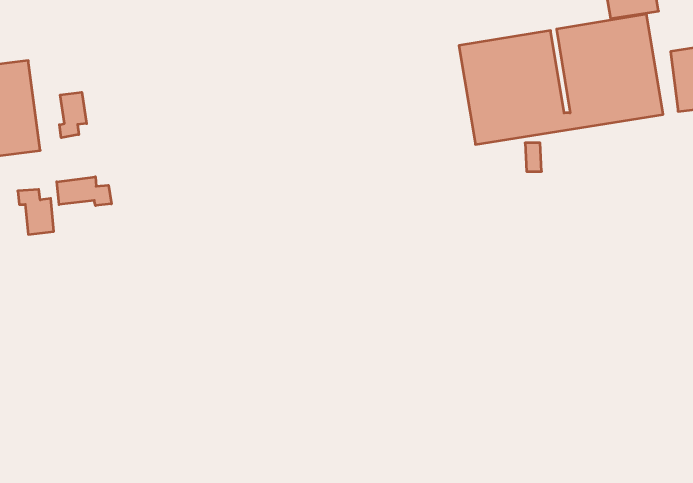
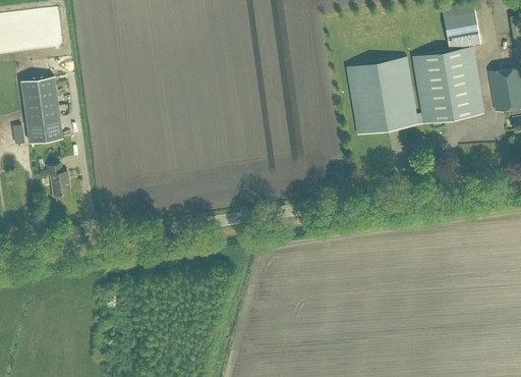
building: [59,92,87,138] -> none
building: [57,177,111,206] -> none

